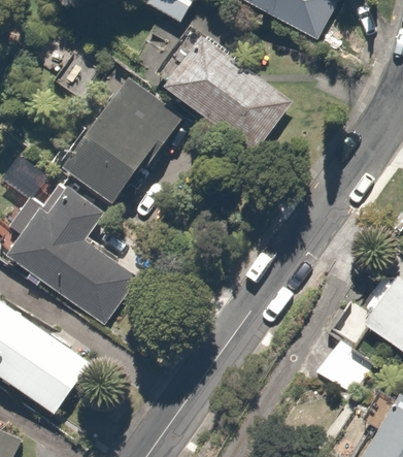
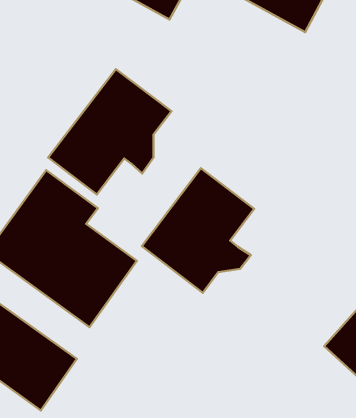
building: [156,26,291,152] -> none
building: none -> [142,168,254,293]

